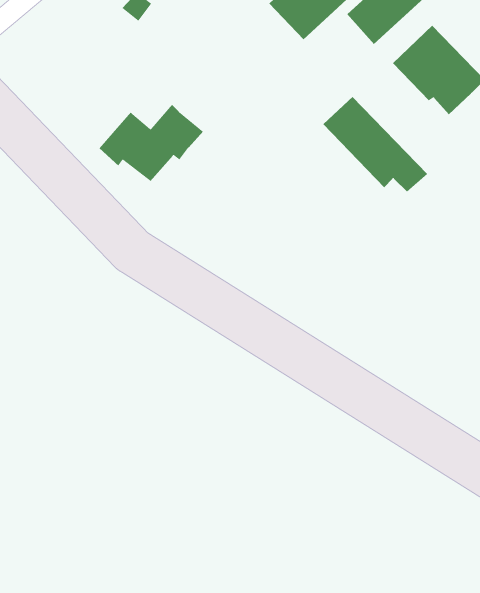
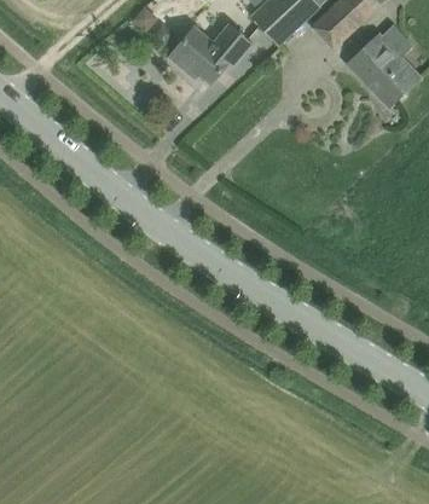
building: [322,96,428,193] -> none
building: [98,104,204,182] -> [170,21,254,82]

